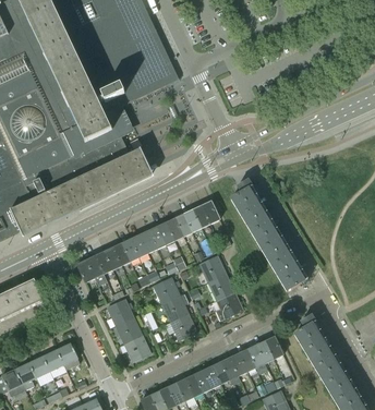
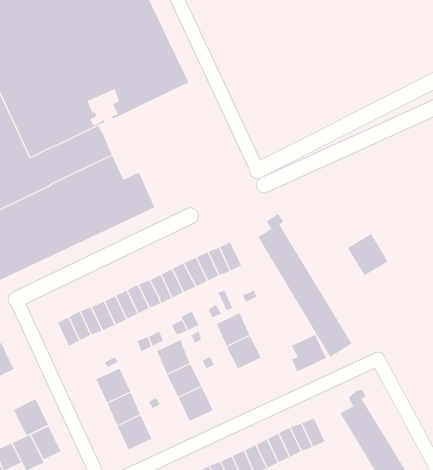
building: none -> [347,233,388,276]
building: [216,290,243,319] -> [291,334,327,372]
building: none -> [13,399,49,436]

